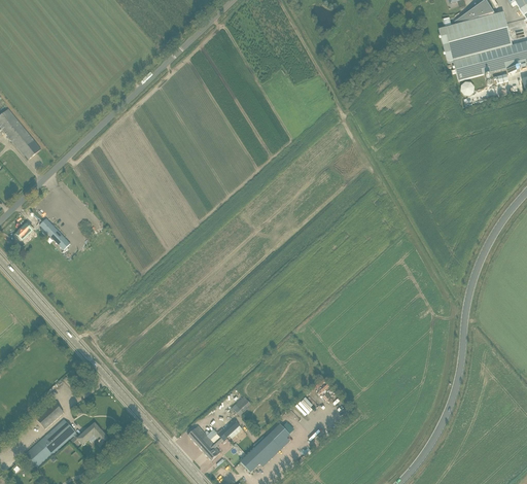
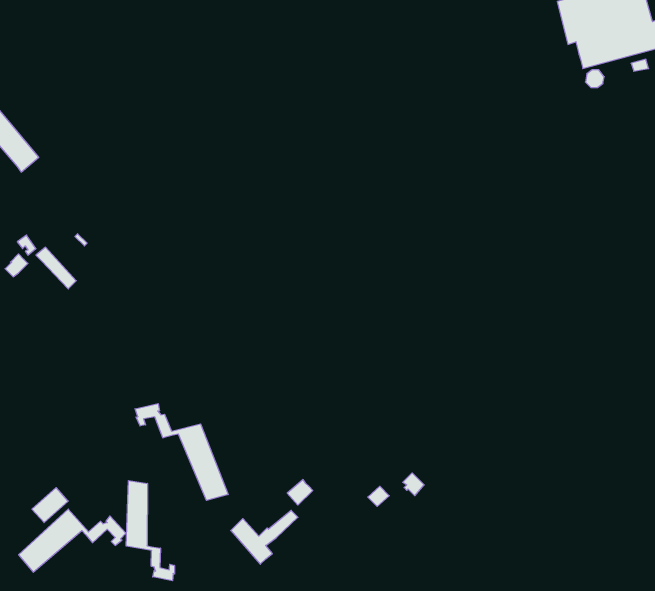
building: none -> [135,404,228,500]
building: none -> [126,481,175,581]
building: [241,422,290,471] -> none

